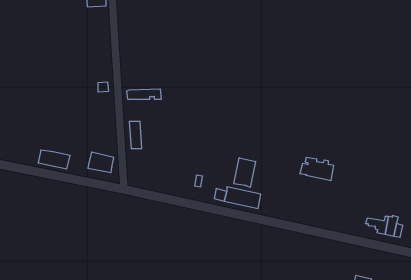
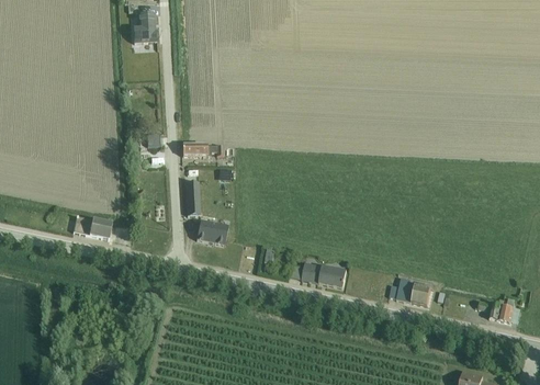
building: [88,152,114,173] -> [196,218,228,244]
building: [300,157,334,181] -> [390,276,431,305]
building: [234,158,256,187] -> none

